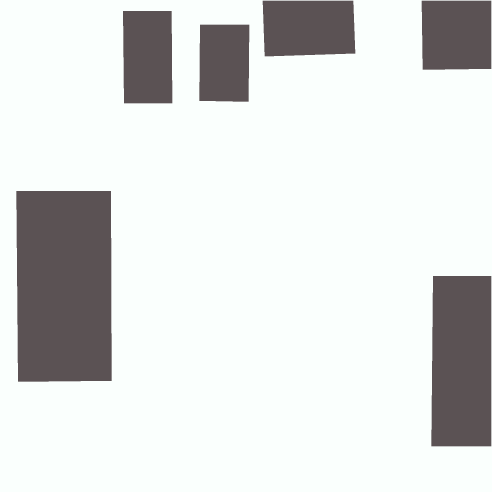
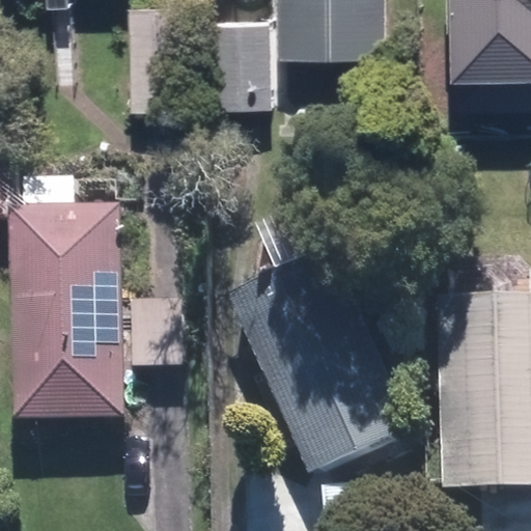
building: none -> [225,254,400,472]

